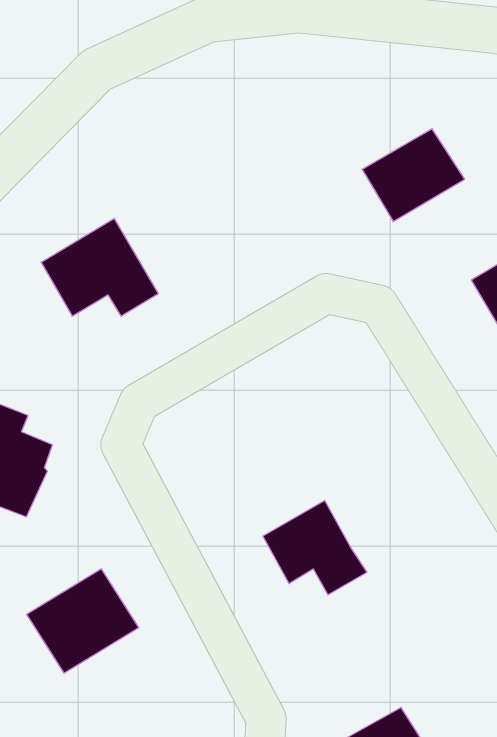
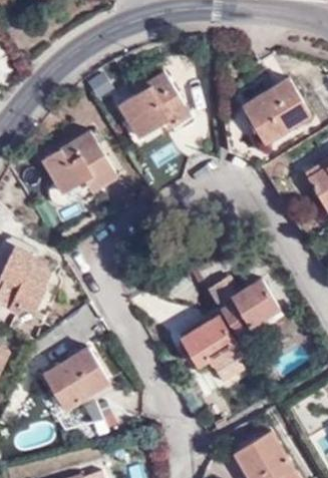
building: none -> [124,71,189,134]
building: none -> [206,273,277,338]

